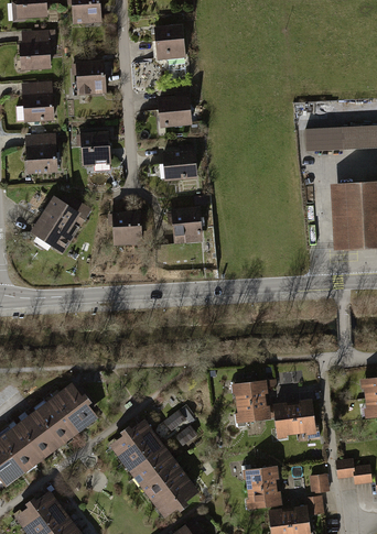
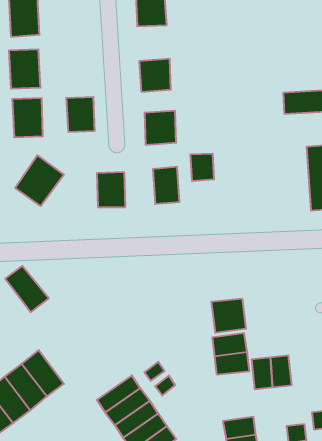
building: [77,63,100,94] -> none
building: none -> [191,154,214,181]
building: none -> [211,299,246,333]
building: [52,383,97,432] -> [5,266,49,312]

